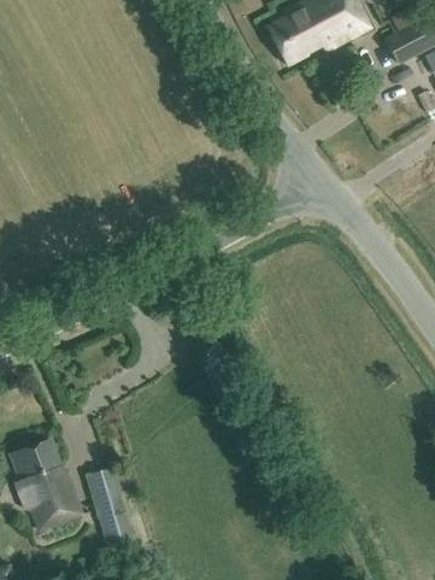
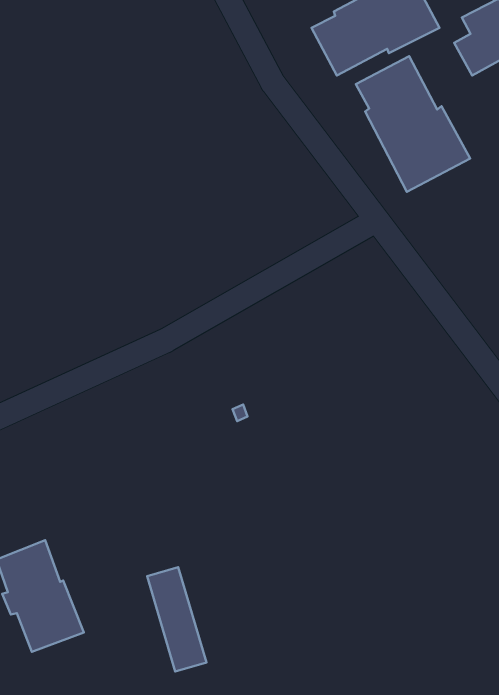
building: none -> [356,56,470,192]
building: [87,469,135,553] -> [147,567,207,671]

